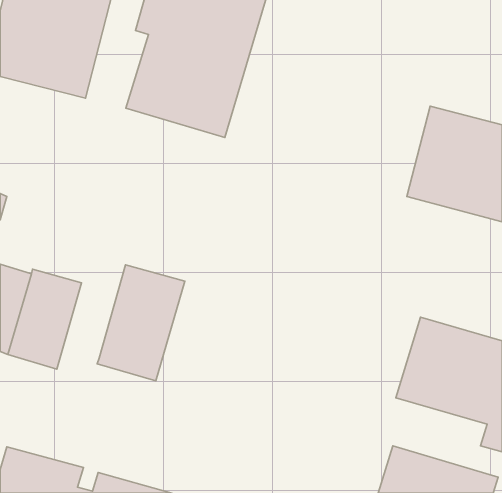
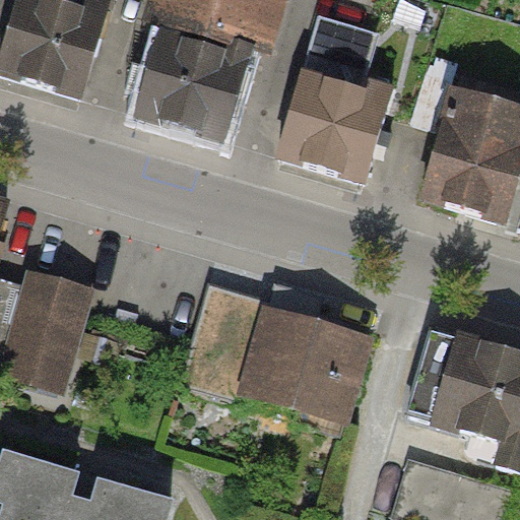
building: none -> [275,25,392,183]
building: [97,265,185,381] -> none
building: none -> [182,281,369,432]

